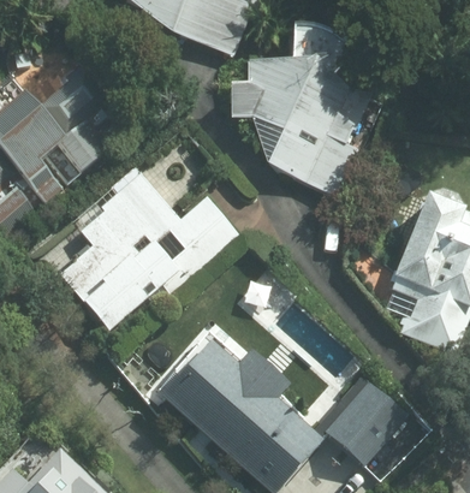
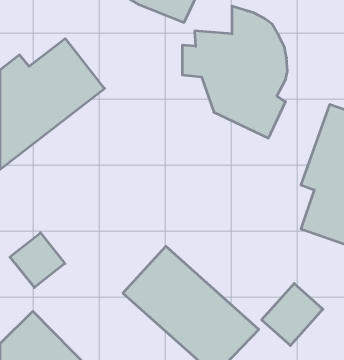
building: [63,166,246,328] -> none
building: none -> [10,233,65,288]

